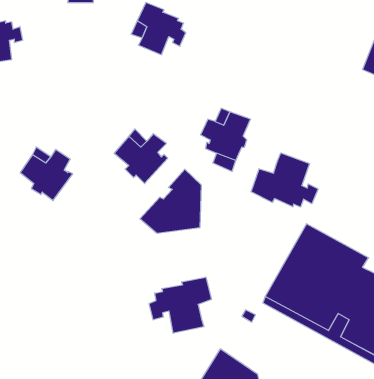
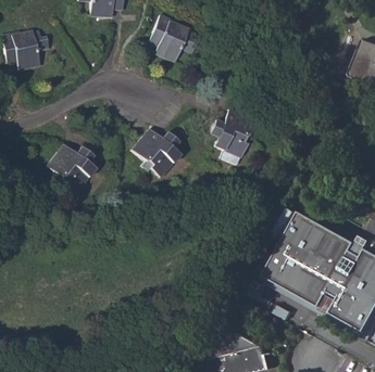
building: [251,153,318,207] -> none
building: [140,169,201,233] -> none
building: [149,277,212,333] -> none

